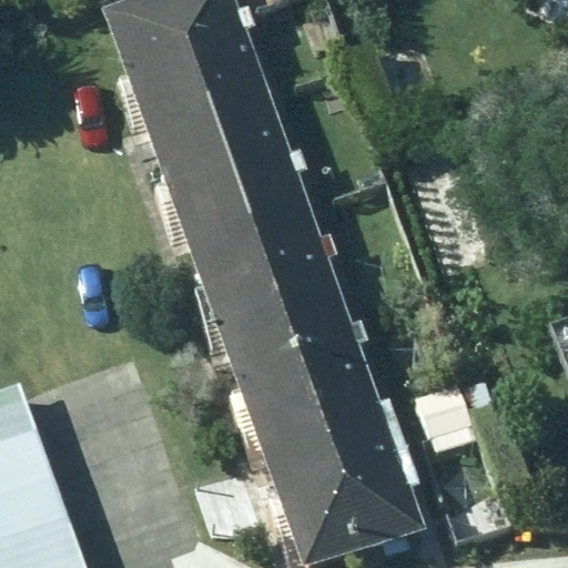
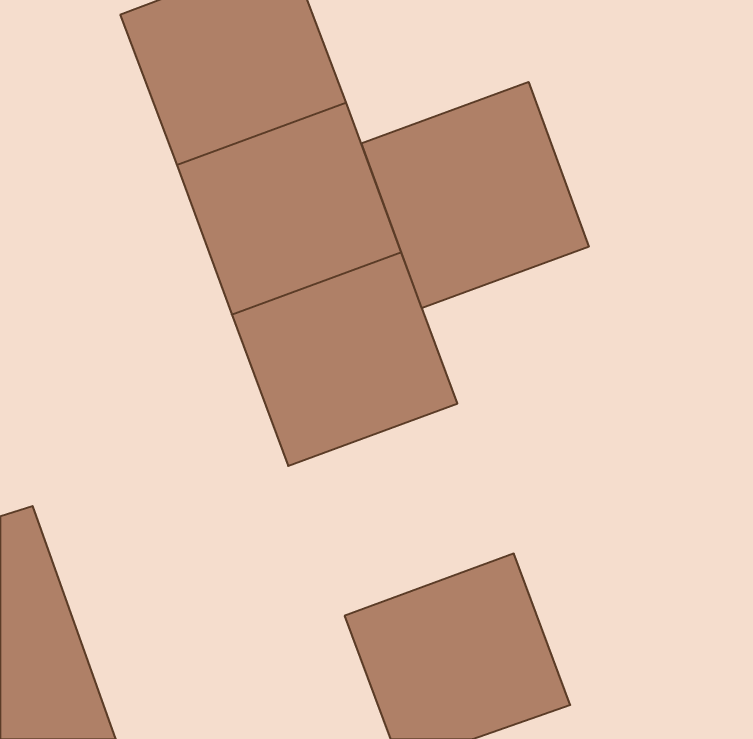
building: none -> [362,82,589,308]
building: [220,302,388,460] -> none

